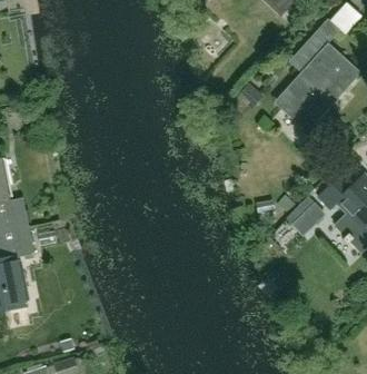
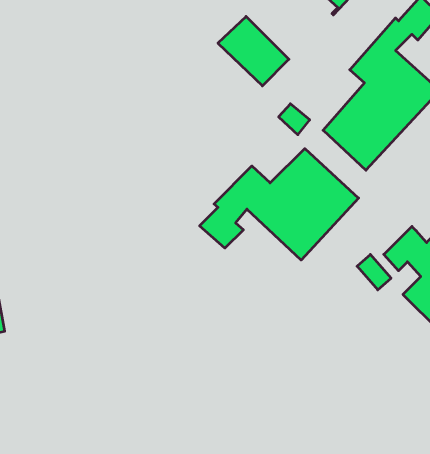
building: none -> [200,149,359,260]

